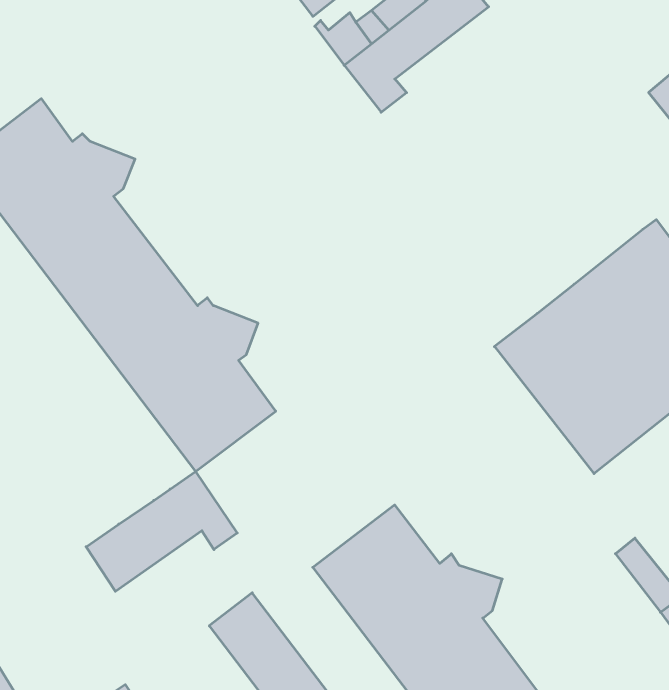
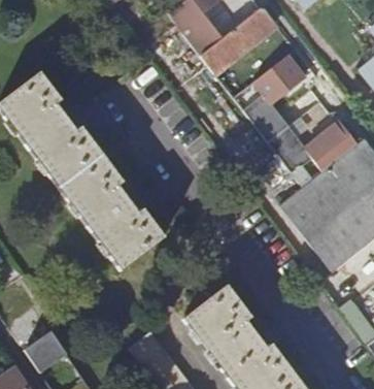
building: none -> [243,56,358,174]
building: [86,472,237,591] -> none
building: none -> [24,333,66,375]

